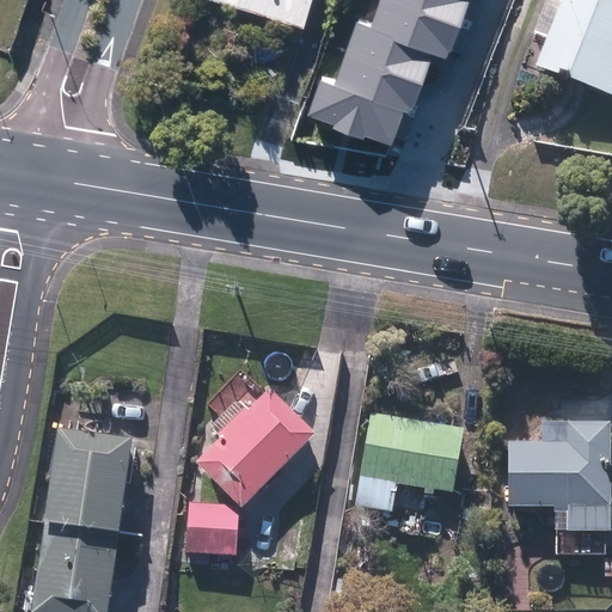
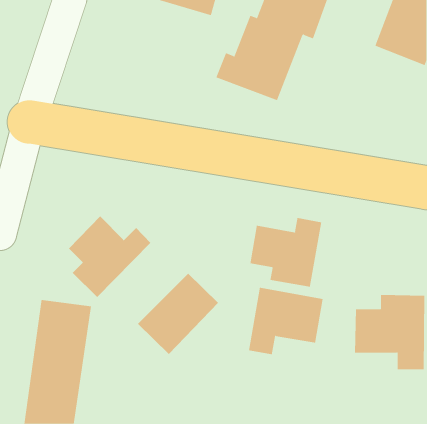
building: none -> [68,216,151,298]
building: none -> [250,217,322,287]
building: [186,503,238,555] -> none

